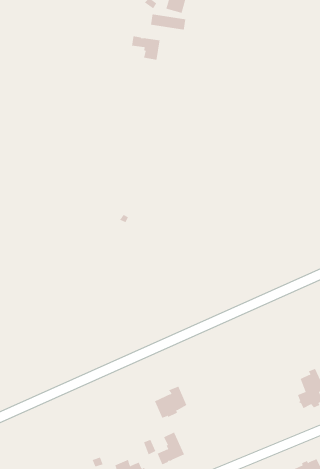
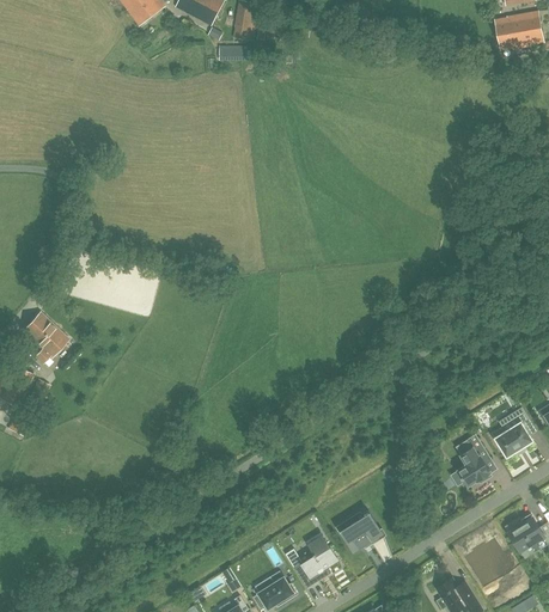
building: [132,36,160,62] -> none
building: [154,386,187,419] -> [340,509,379,551]

